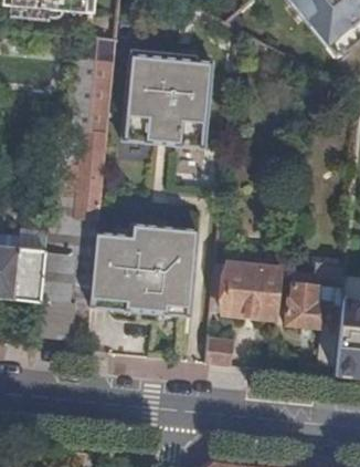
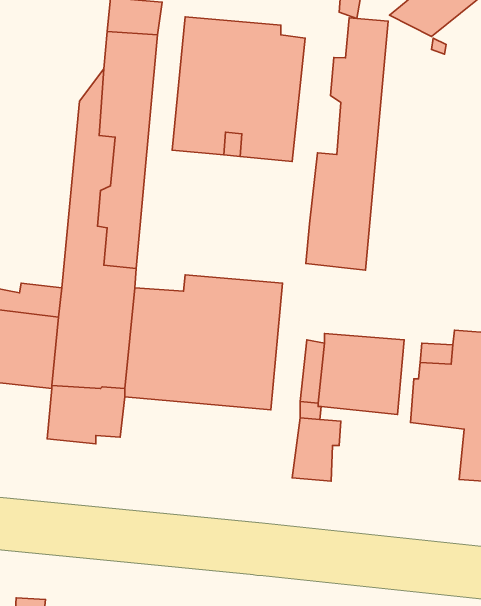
building: none -> [306,18,388,270]

